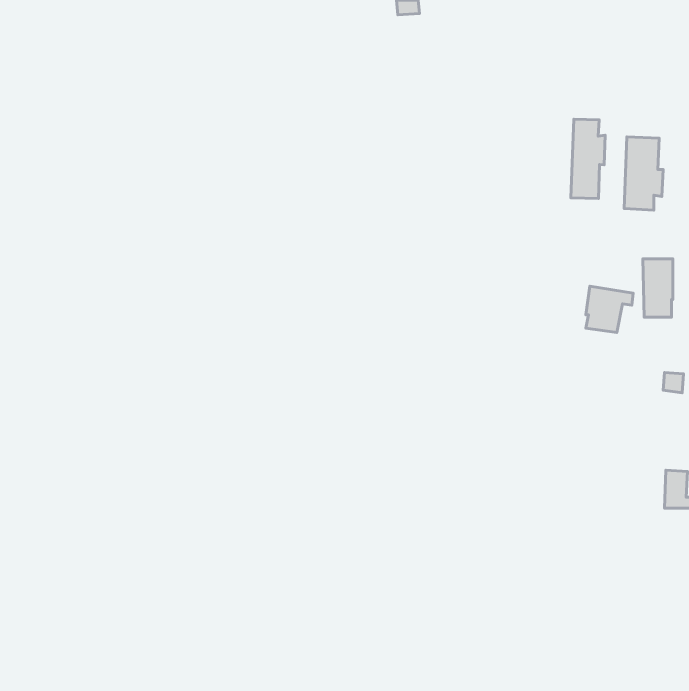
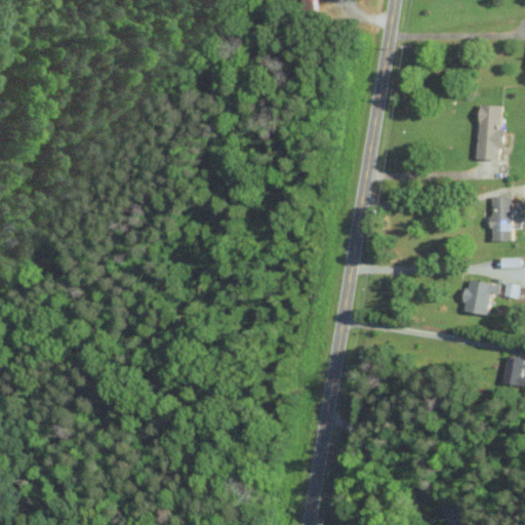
building: [571,119,605,199] -> none
building: [586,286,633,332] -> [463,280,499,315]

